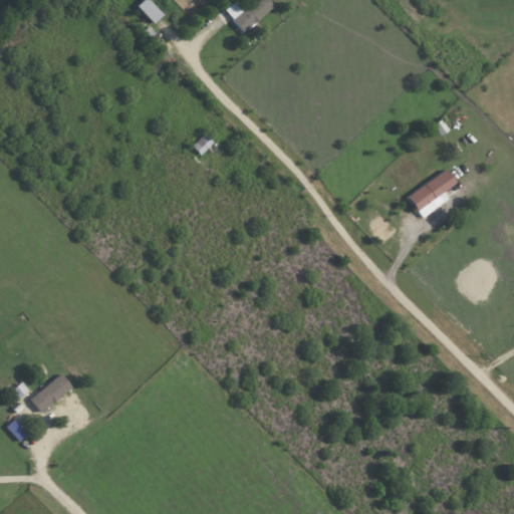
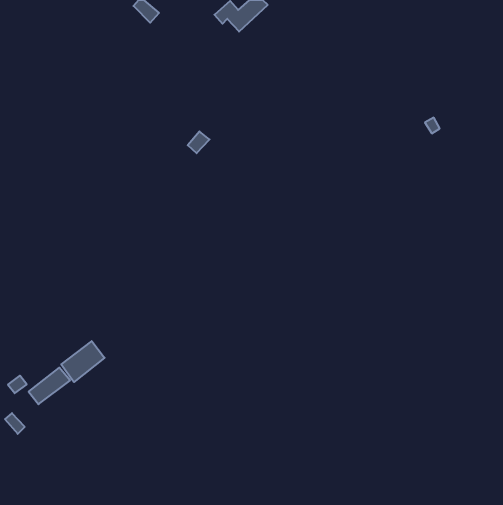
building: [408,171,456,217] -> none
building: none -> [61,341,105,382]

